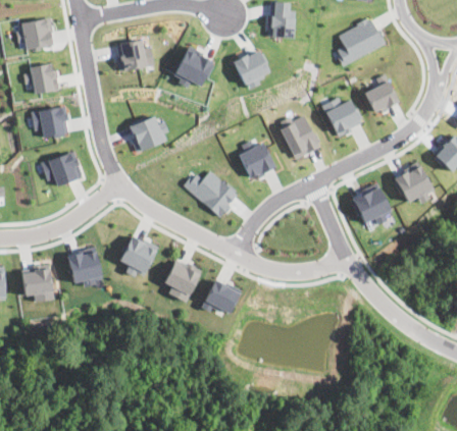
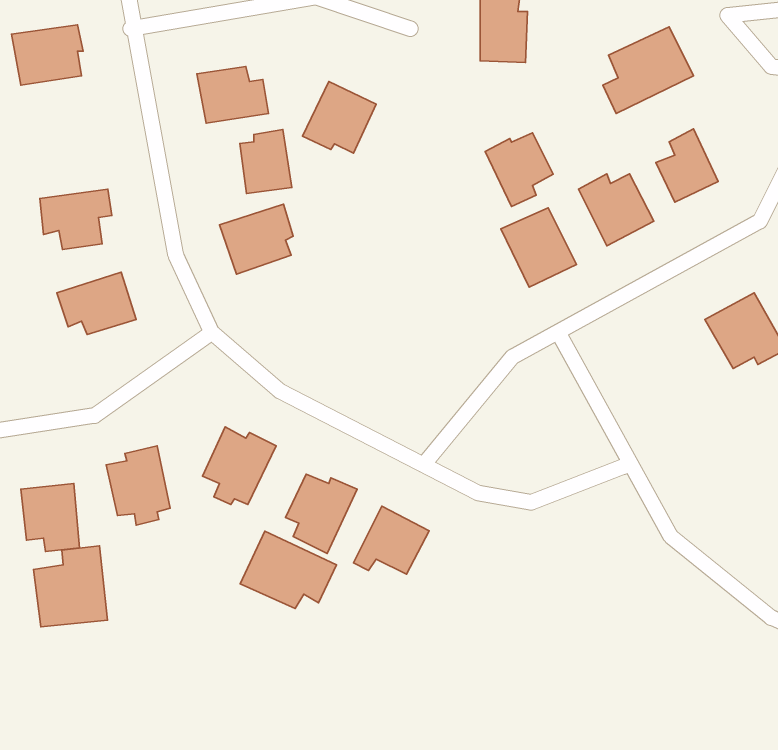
building: [234,50,270,90] -> [485,133,553,206]
building: [24,63,60,94] -> none
building: none -> [240,129,292,194]
building: [239,140,276,179] -> none
building: [184,170,240,217] -> none
building: [350,184,392,224] -> none
building: none -> [240,531,337,609]
building: none -> [33,546,108,627]

